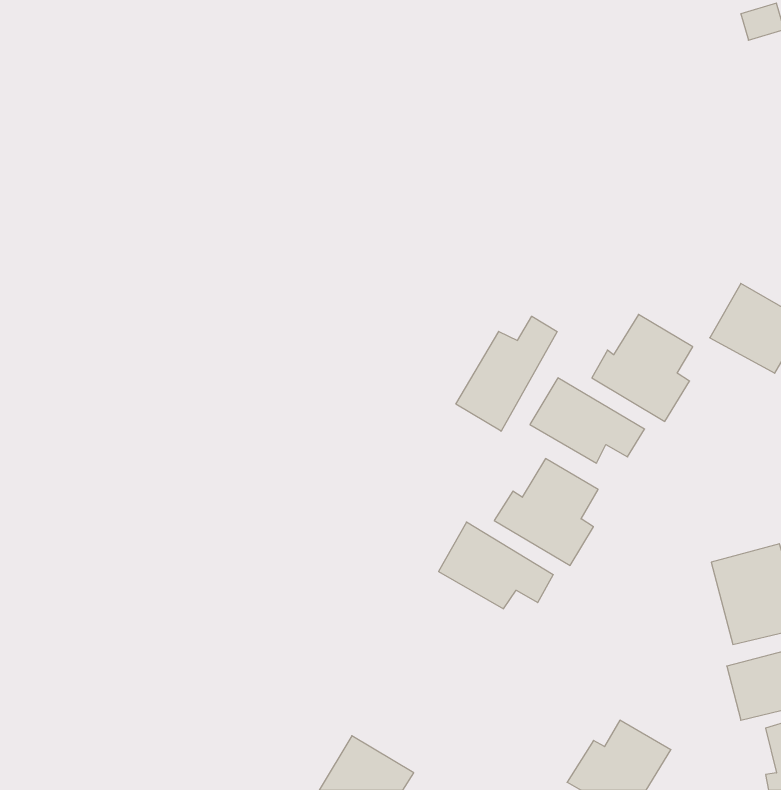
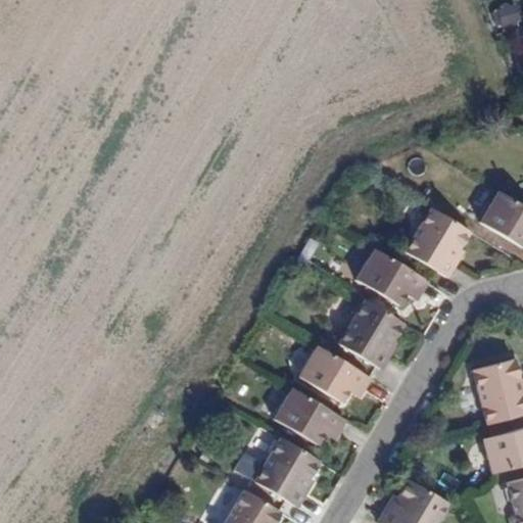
building: [456,316,557,431] -> none
building: none -> [273,385,348,441]
building: none -> [251,434,325,508]

